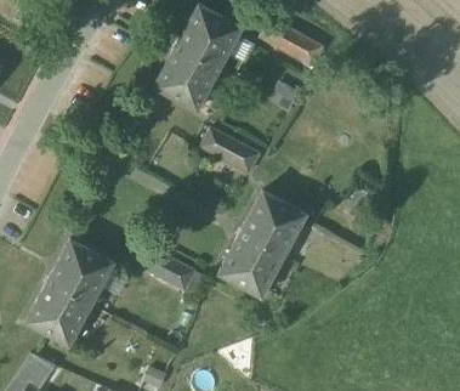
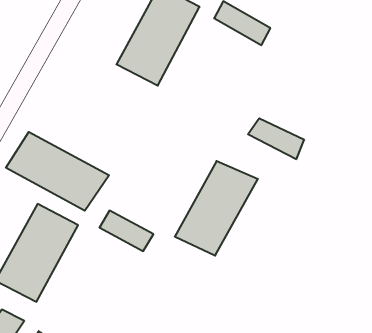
building: [199,130,260,174] -> [248,118,304,159]
building: none -> [6,132,109,211]

